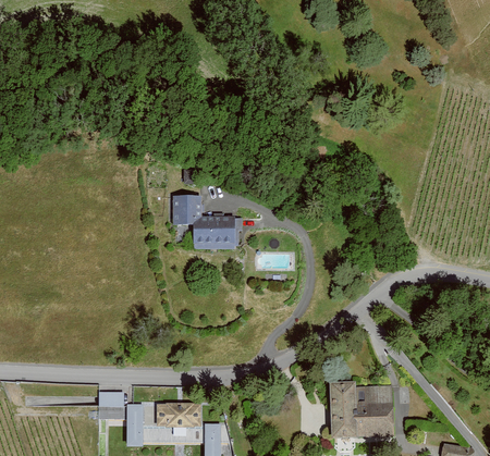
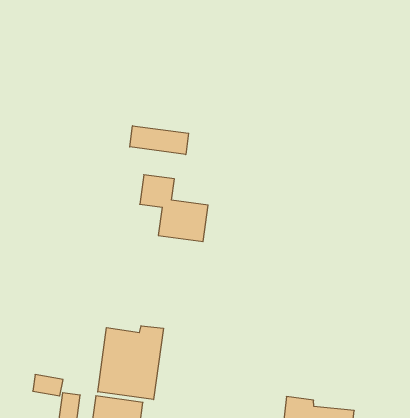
building: none -> [130,126,189,155]
building: none -> [98,326,163,400]

